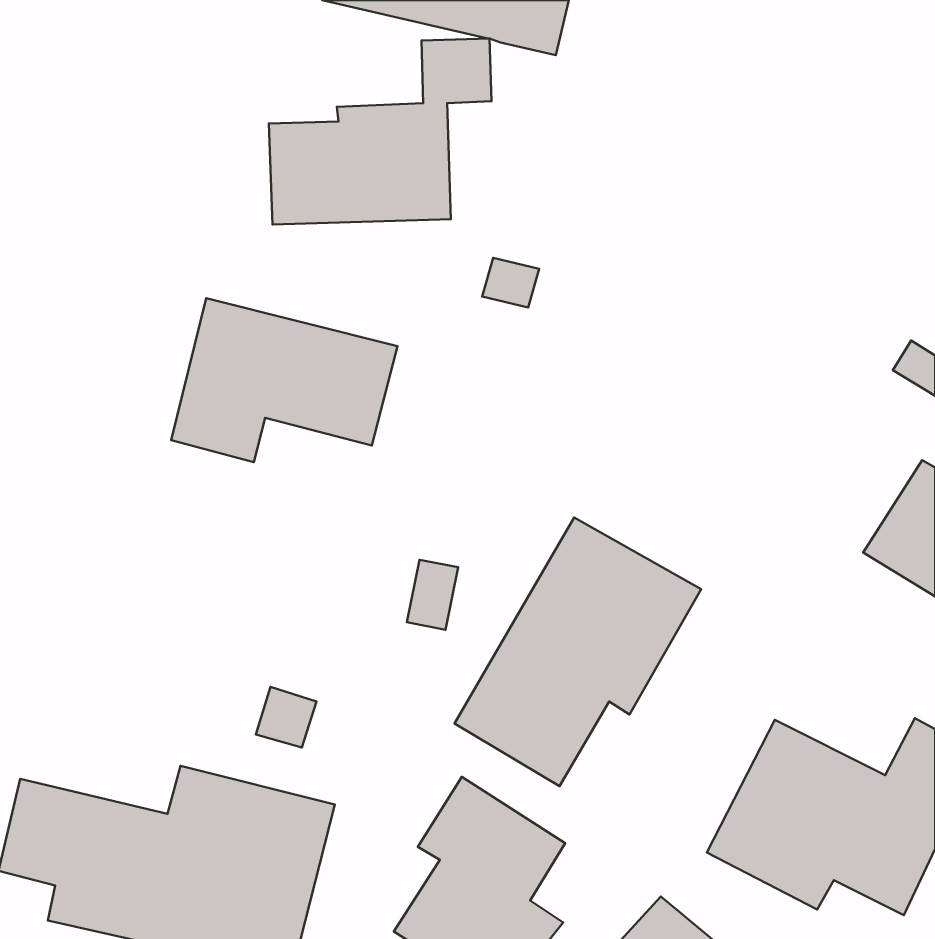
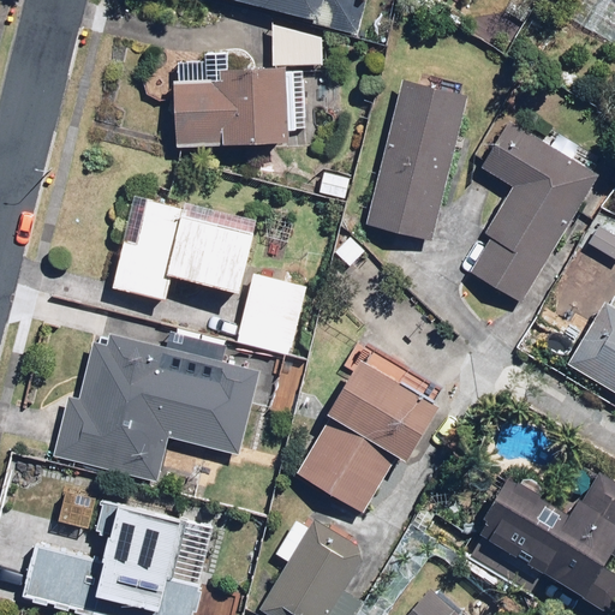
building: none -> [366,77,467,241]
building: none -> [465,121,597,301]
building: none -> [229,269,309,359]
building: none -> [54,328,262,479]

